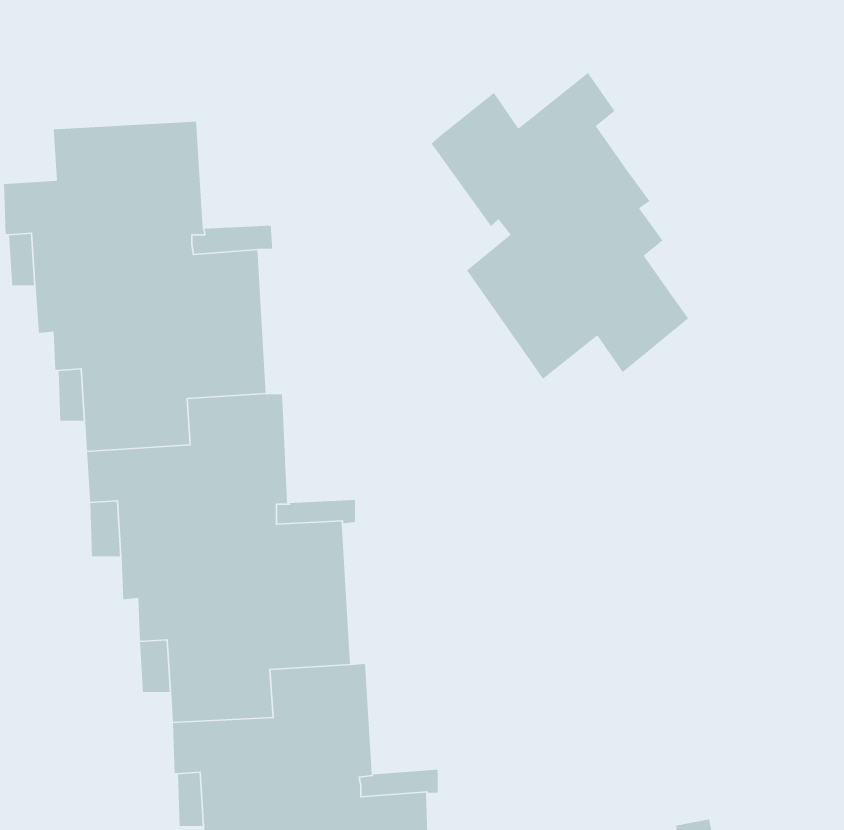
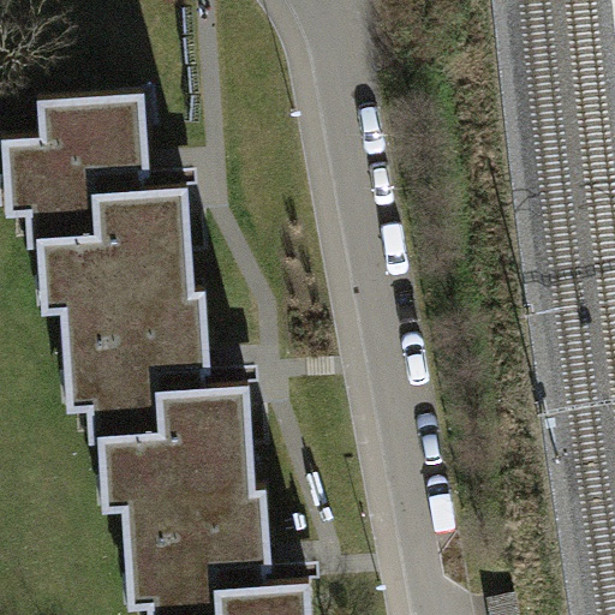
building: [431,72,689,380] -> none

